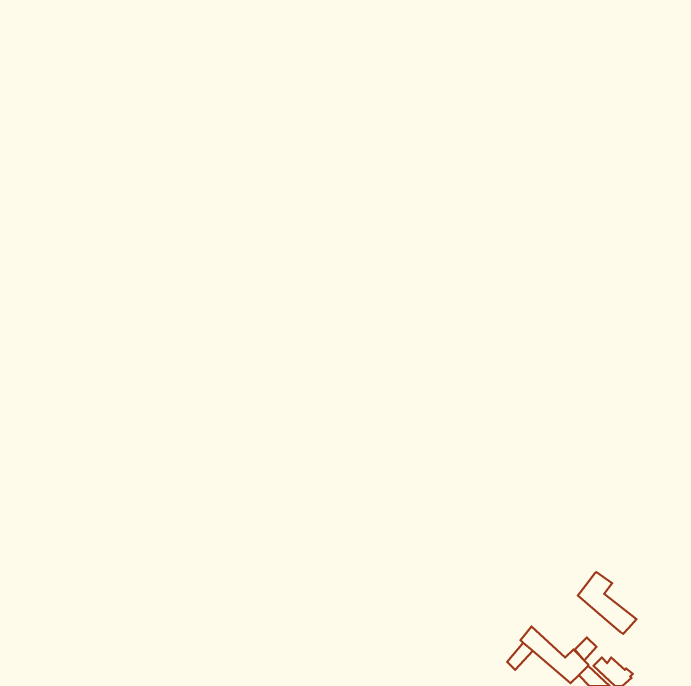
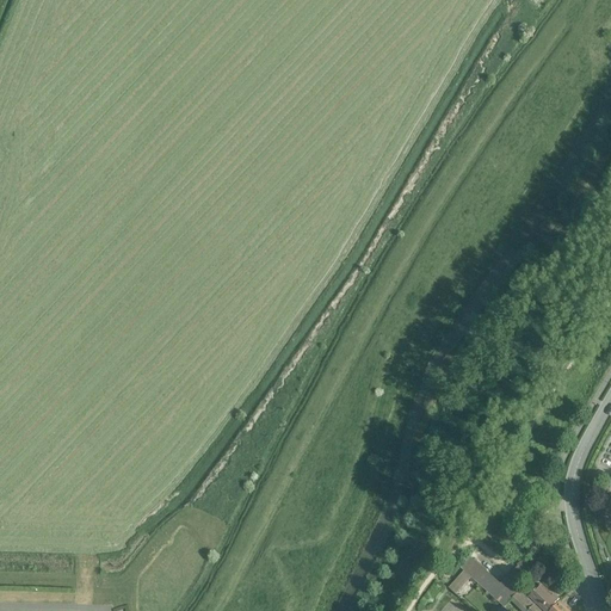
building: [578,572,637,634] -> none

